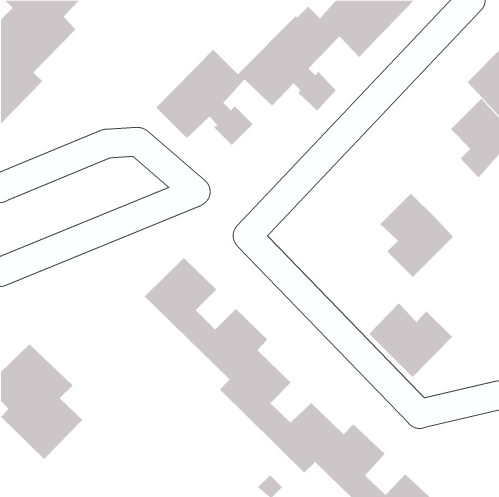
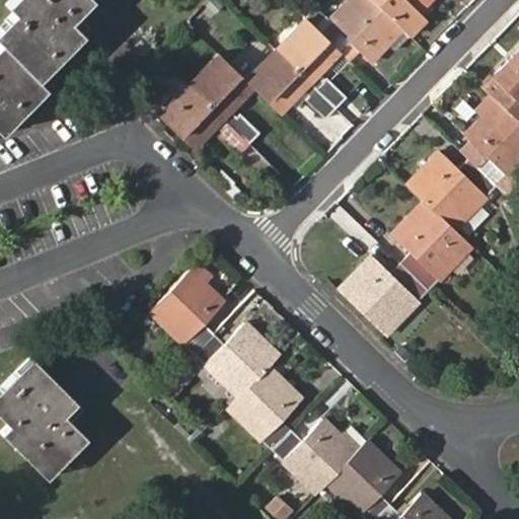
building: none -> [410,154,508,230]
building: [369,303,453,378] -> [342,255,429,333]

